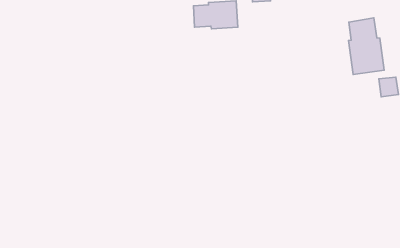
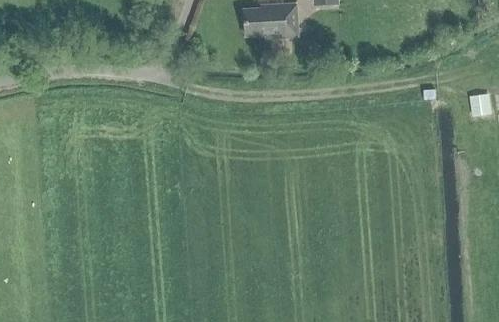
building: [348,18,384,74] -> none

